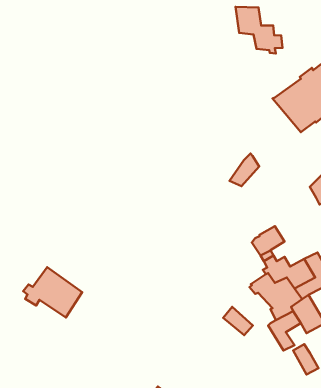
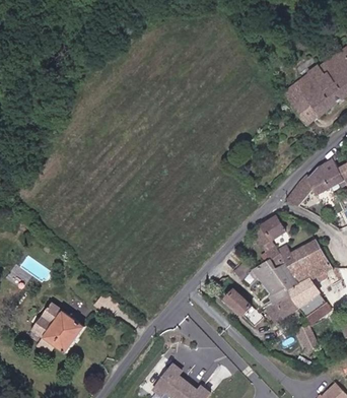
building: [235,7,283,54] -> none
building: [230,154,259,186] -> [288,176,316,206]
building: [23,267,82,317] -> [31,304,86,350]

